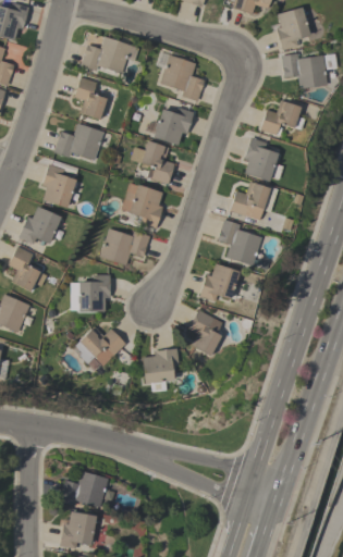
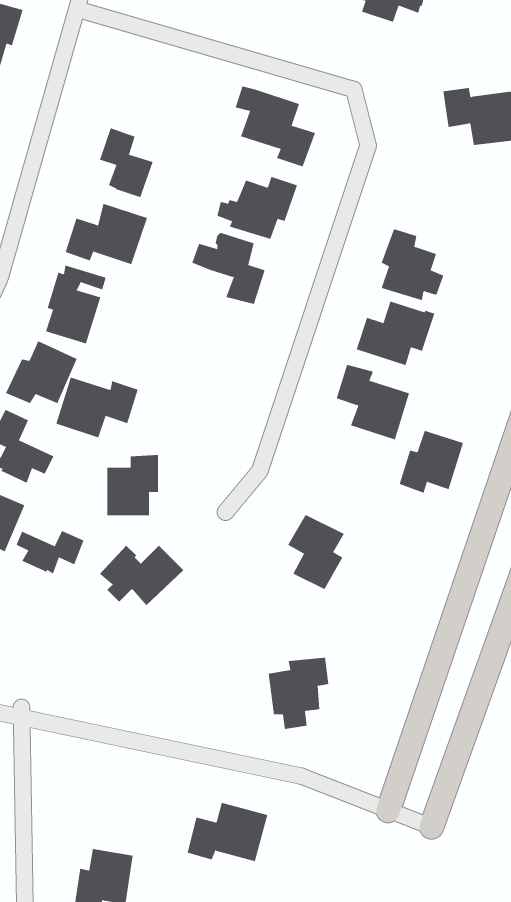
building: [277,7,310,50] -> none
building: [82,37,138,73] -> none
building: [261,100,306,136] -> none
building: [122,183,163,228] -> none
building: [100,228,150,265] -> [56,377,139,438]
building: [200,263,240,301] -> [399,430,464,493]
building: none -> [16,530,84,575]
building: [143,348,180,392] -> [268,657,329,729]
building: [60,471,109,507] -> [187,802,268,862]

